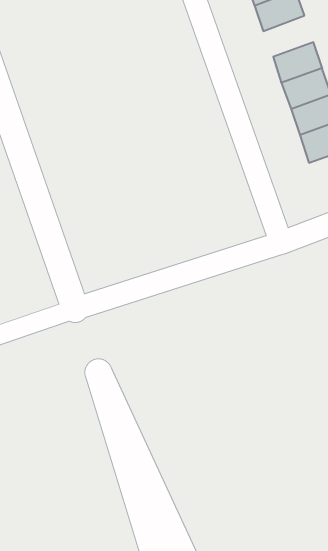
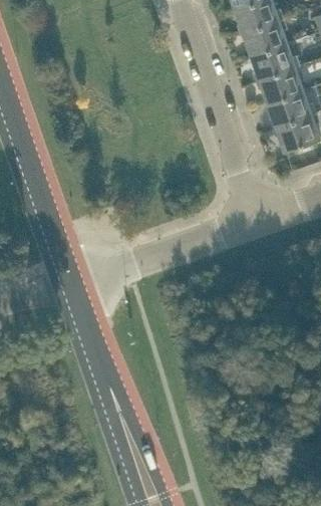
building: none -> [241,18,286,55]

